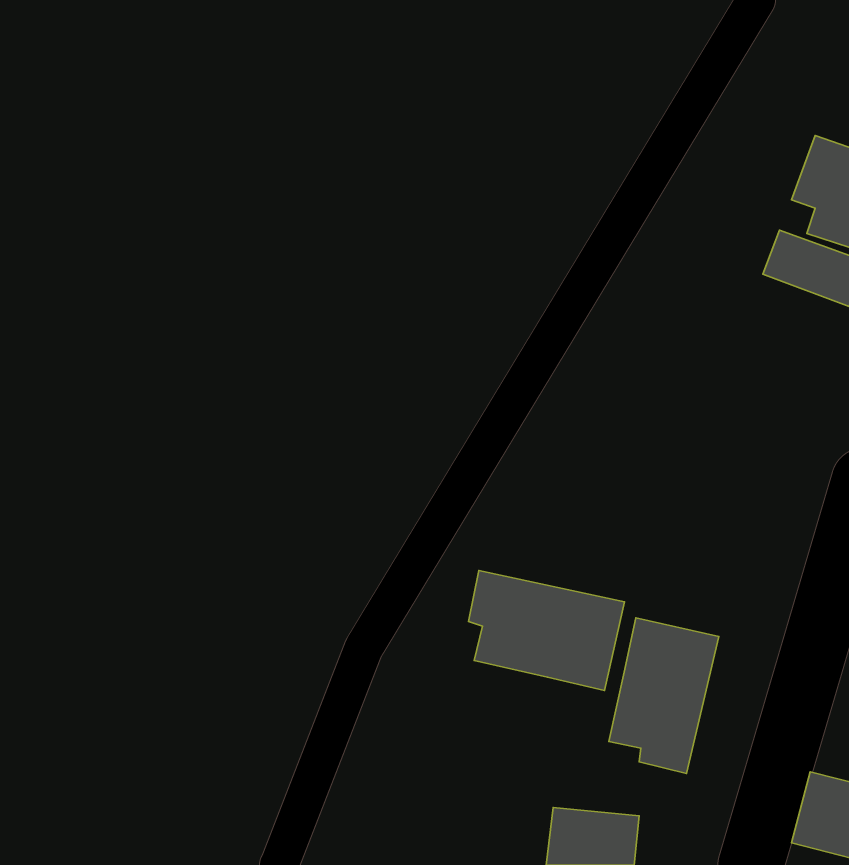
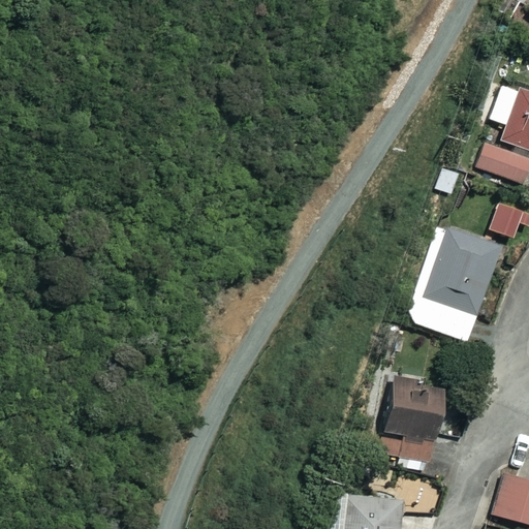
building: none -> [412,226,501,340]
building: [469,570,624,690] -> none

